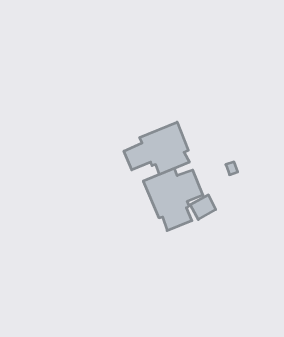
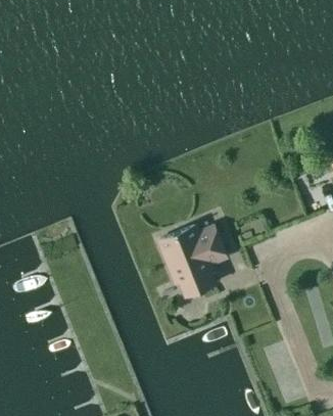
building: [124,122,189,174] -> none

